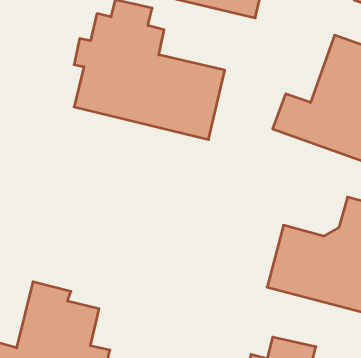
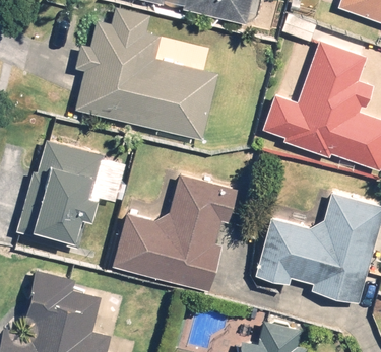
building: none -> [20,140,103,249]
building: none -> [112,177,237,292]

